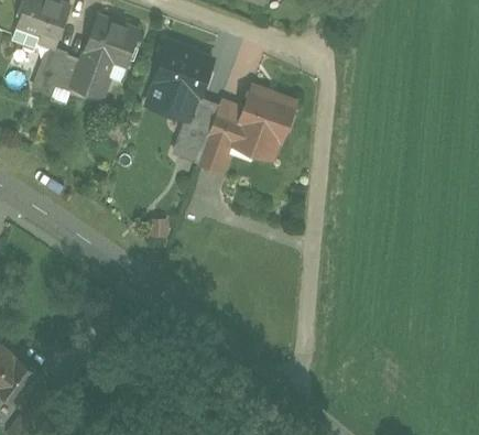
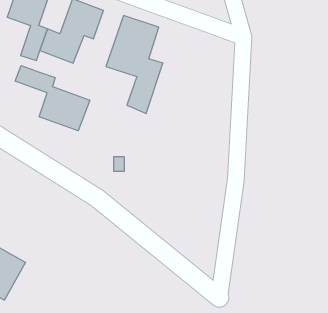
building: [196,79,300,176] -> none
building: none -> [15,66,90,131]

